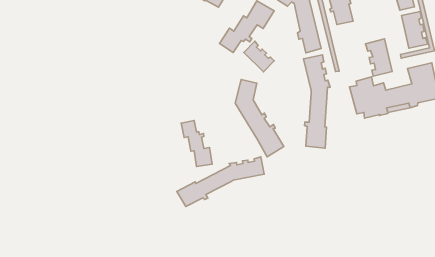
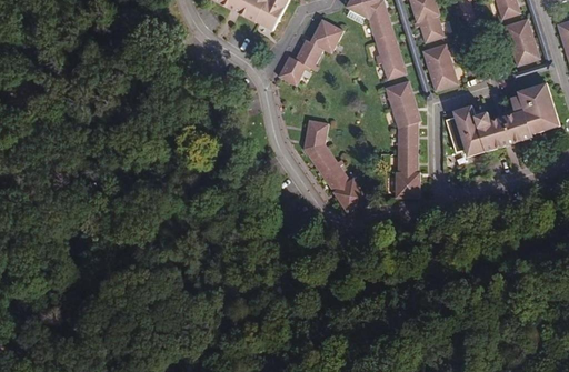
building: [366,39,392,76] -> [422,43,458,91]
building: [244,41,274,72] -> none
building: [181,121,212,167] -> none
building: [177,157,264,207] -> none

